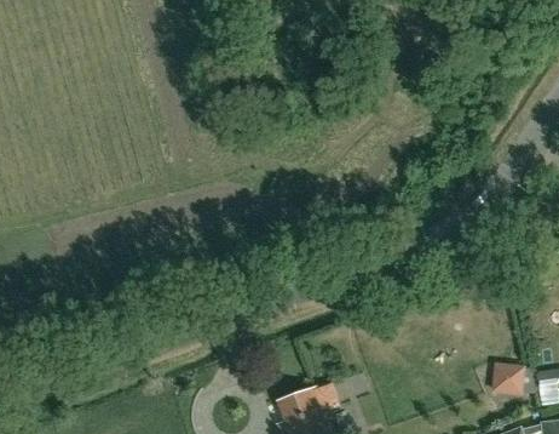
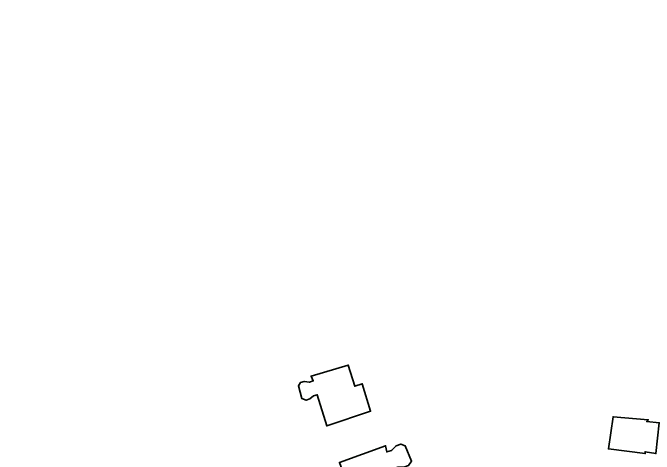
building: none -> [298,365,370,426]

